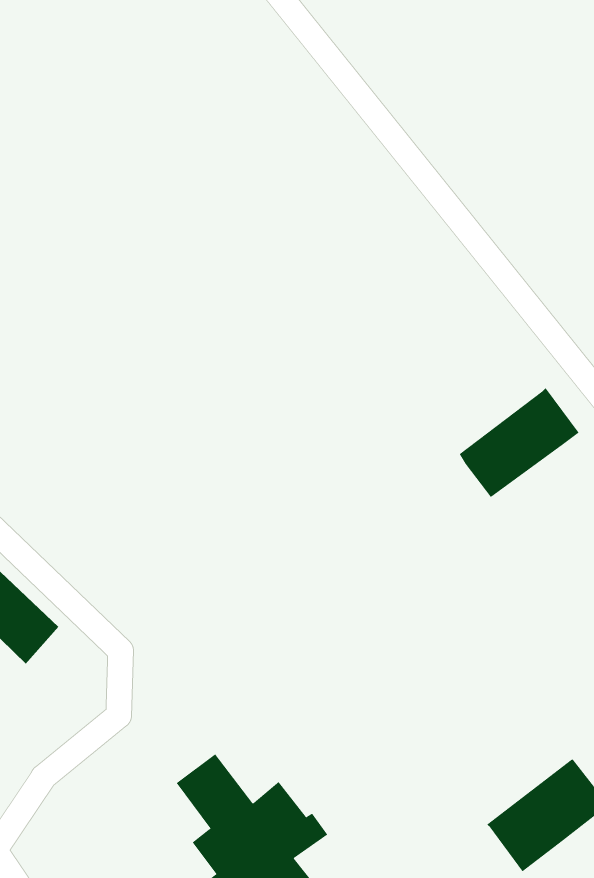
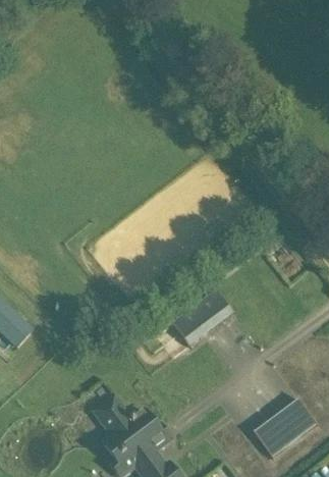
building: [459,387,579,498] -> [170,286,232,343]

